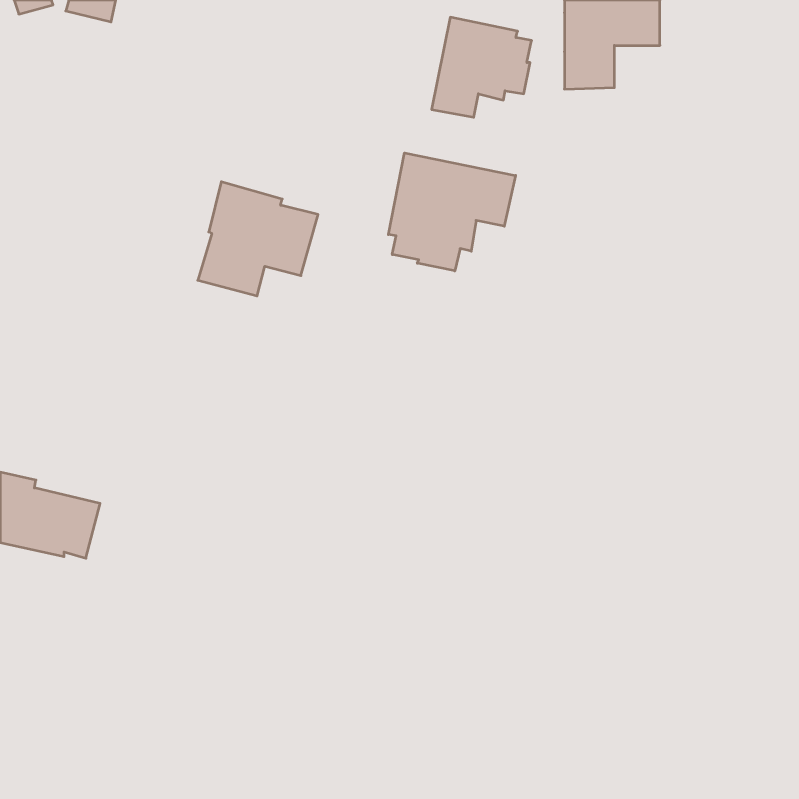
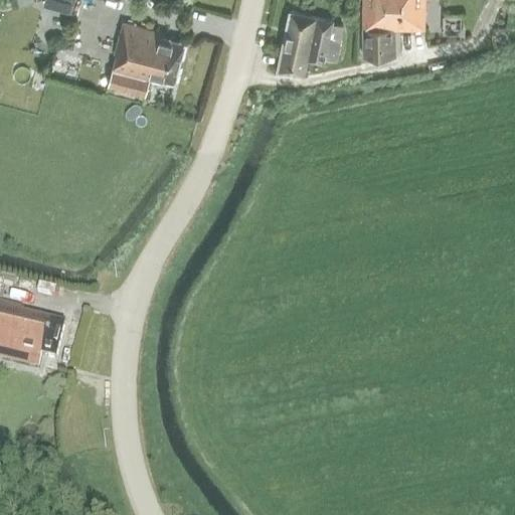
building: [388,153,516,271] -> none
building: [198,182,318,296] -> [108,22,185,96]

